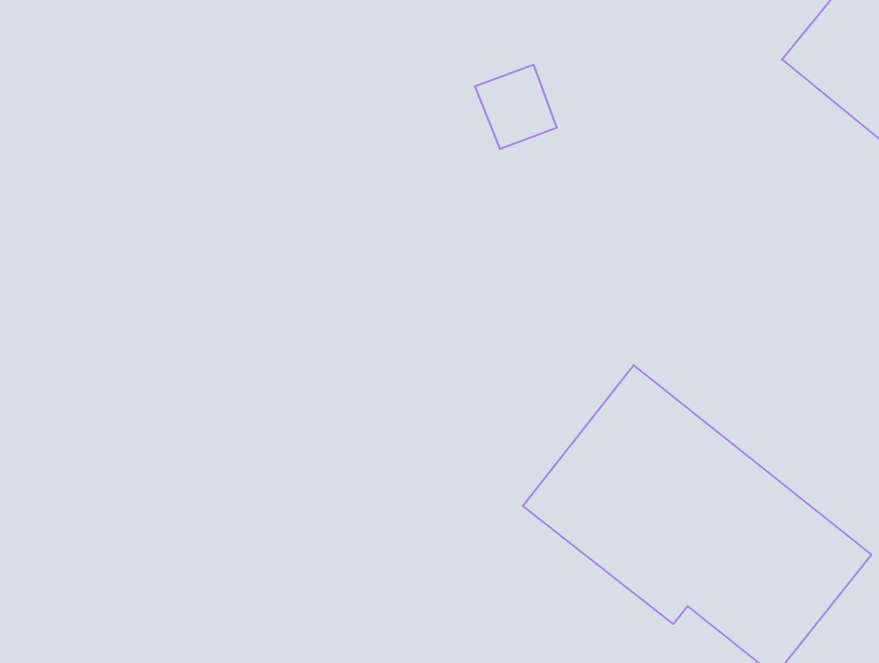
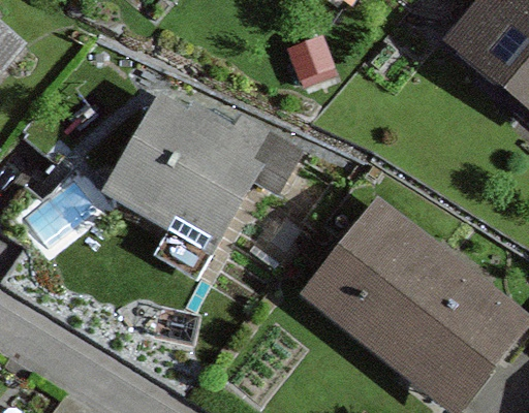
building: none -> [113,109,293,249]

